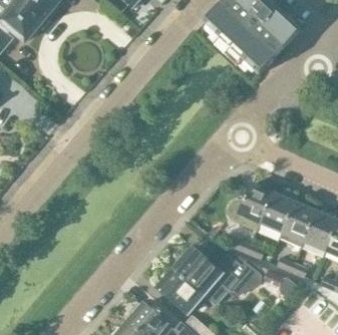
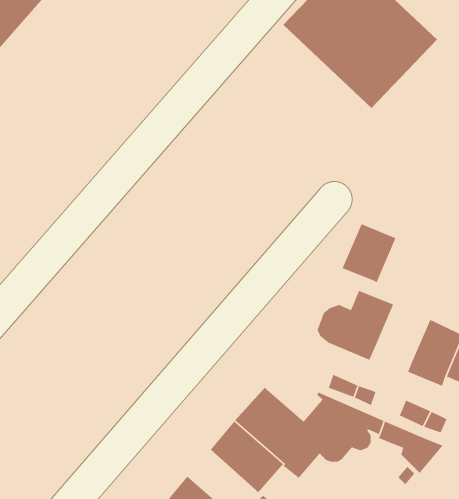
building: [260,196,294,233] -> [342,223,397,283]

